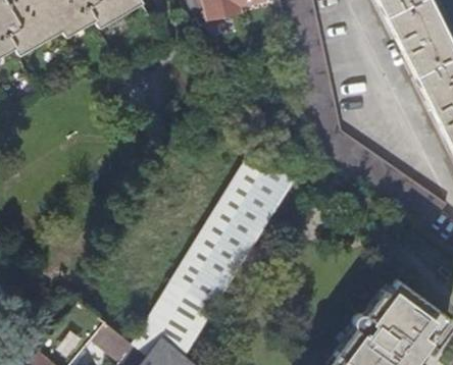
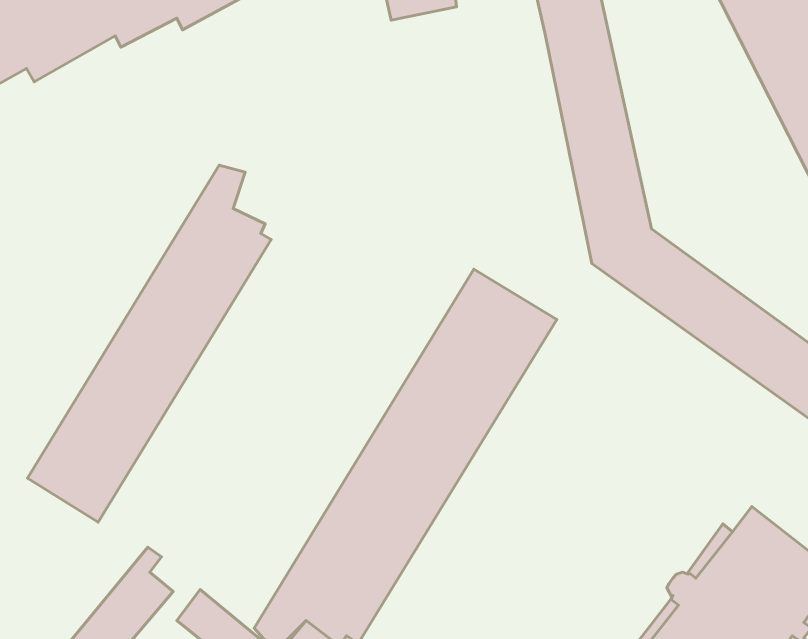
building: none -> [27,165,271,522]

